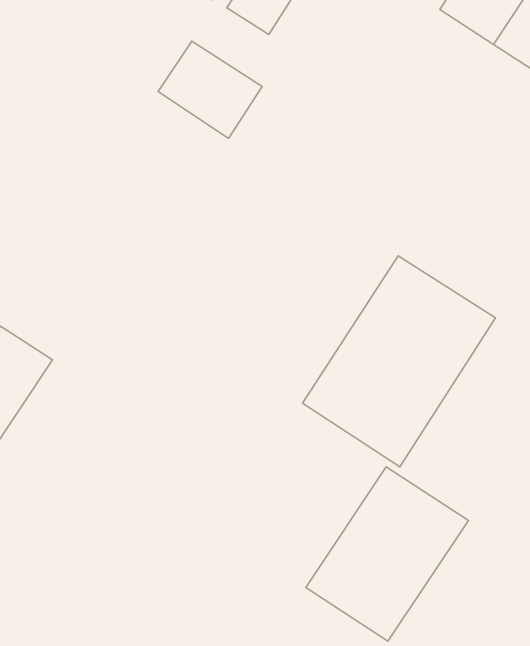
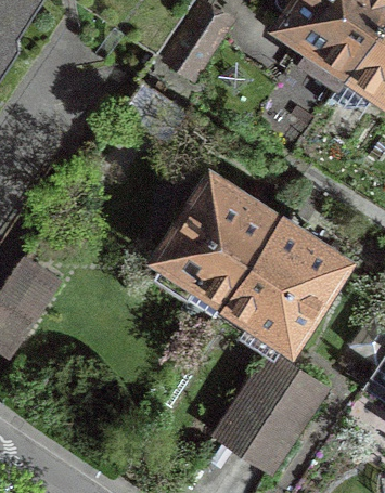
building: none -> [152,174,279,311]

